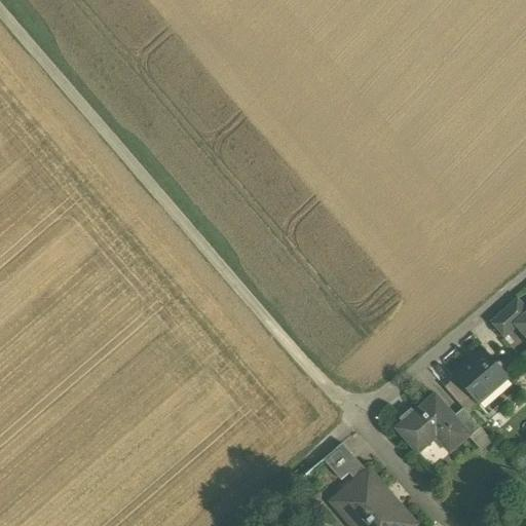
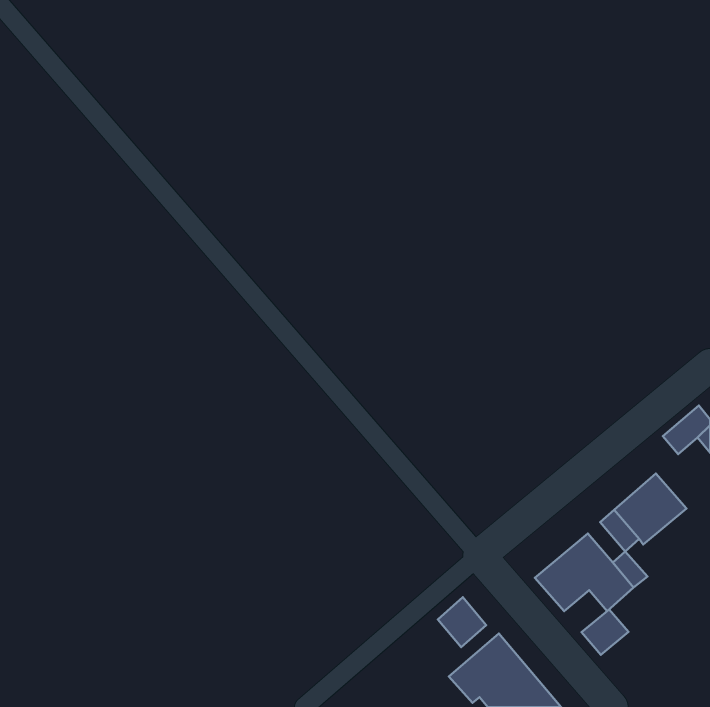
building: none -> [582,609,629,655]

